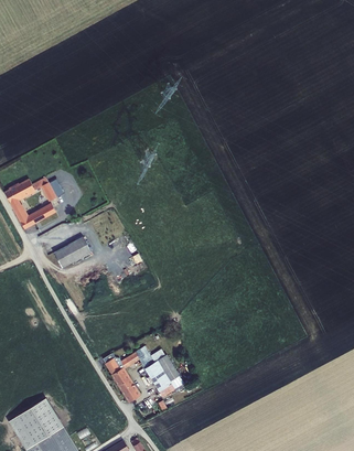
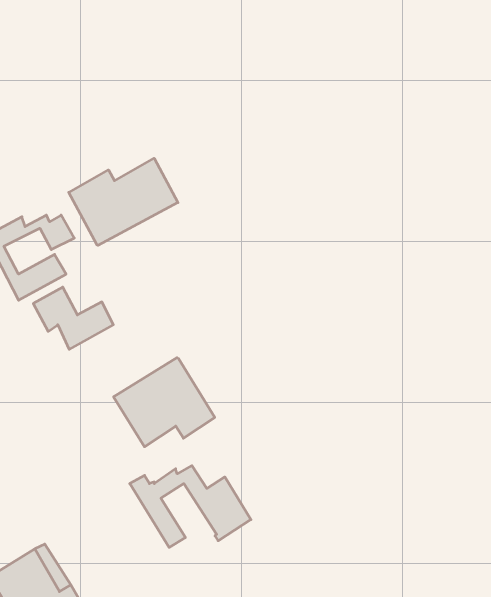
building: none -> [69,158,178,245]
building: none -> [114,358,215,447]

